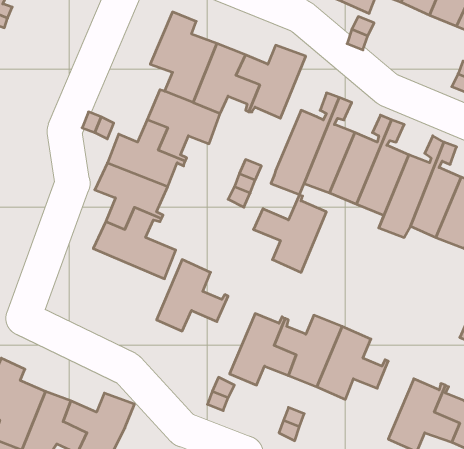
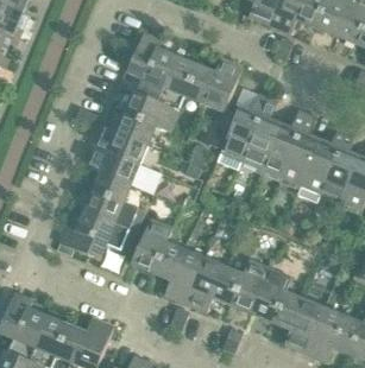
building: [253,195,326,272] -> [150,245,204,303]
building: none -> [59,209,137,259]
building: none -> [272,293,323,351]

